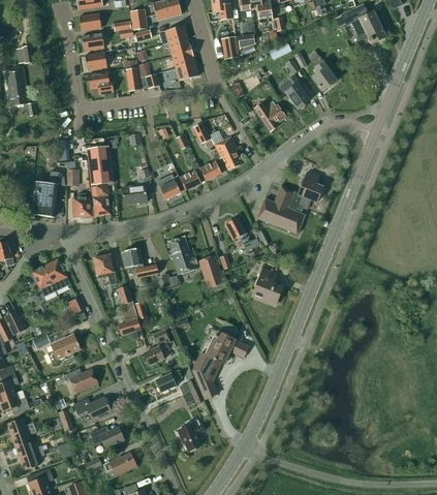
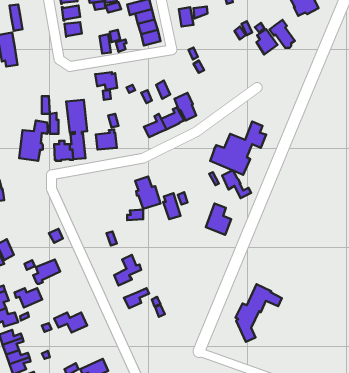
building: [87,72,113,93] -> [95,72,117,90]
building: [279,74,309,107] -> [269,20,295,48]
building: [254,101,285,130] -> none
building: [156,174,185,199] -> none
building: [225,217,259,250] -> [222,170,251,198]
building: [121,247,158,277] -> none
building: [93,253,119,285] -> none
building: [31,258,69,296] -> none
building: [117,285,141,335] -> none
building: [193,330,248,398] -> [235,284,282,342]
building: [64,369,97,392] -> [14,288,42,307]
building: [178,419,204,451] -> none
building: [89,427,124,447] -> none

